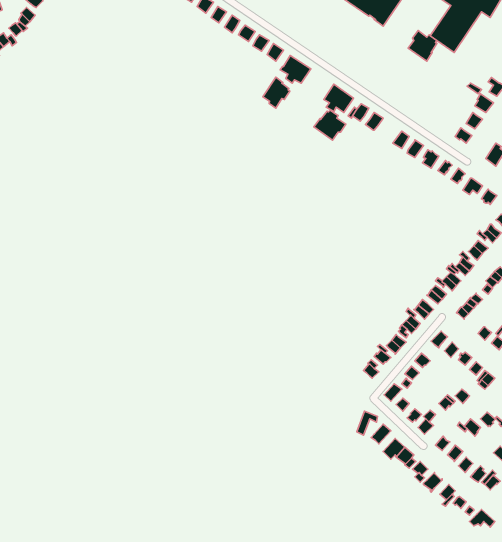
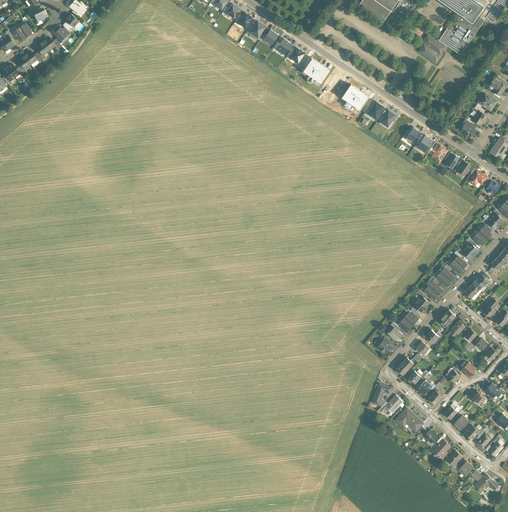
building: [263,77,290,108] -> none
building: [314,110,346,140] -> none

